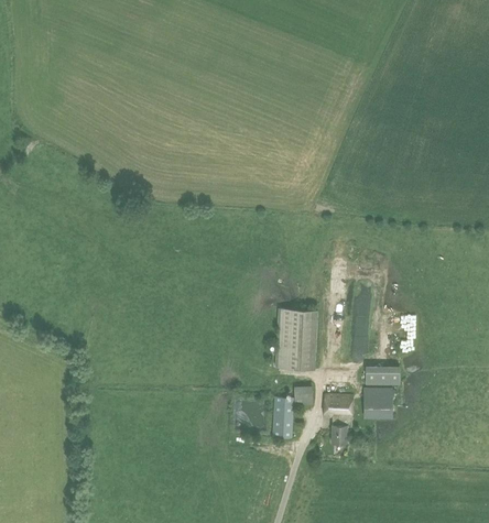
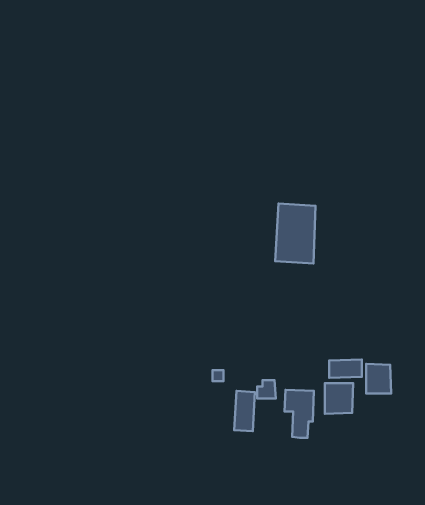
building: [276,308,317,369] -> [275,204,316,263]
building: none -> [366,364,391,393]

